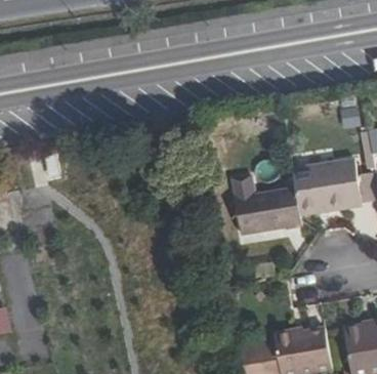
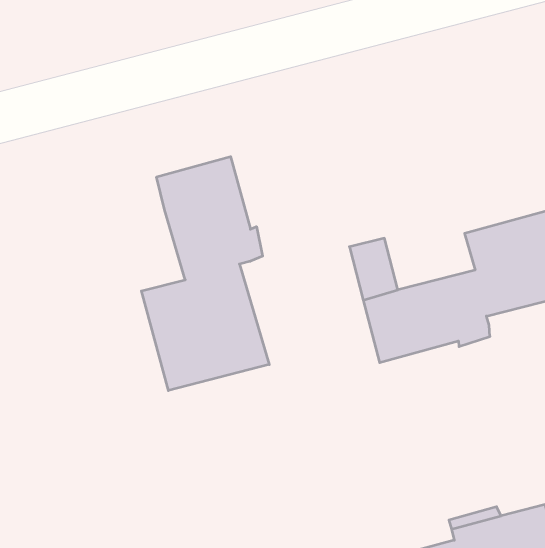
building: none -> [141,157,269,391]

